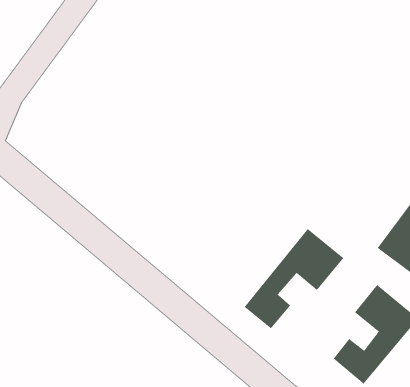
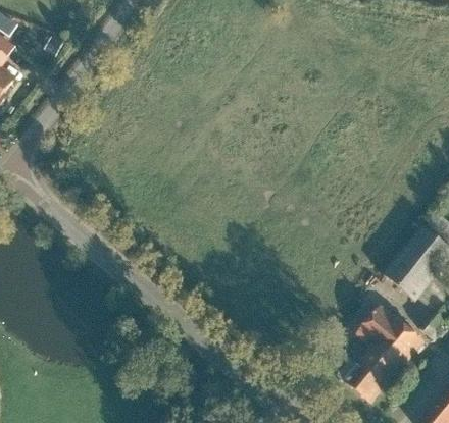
building: [244,228,344,329] -> none

